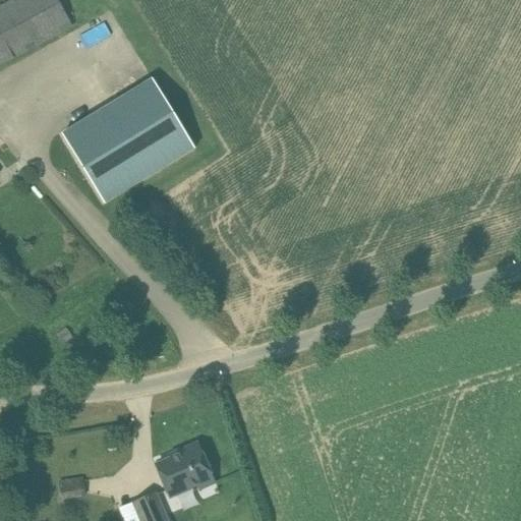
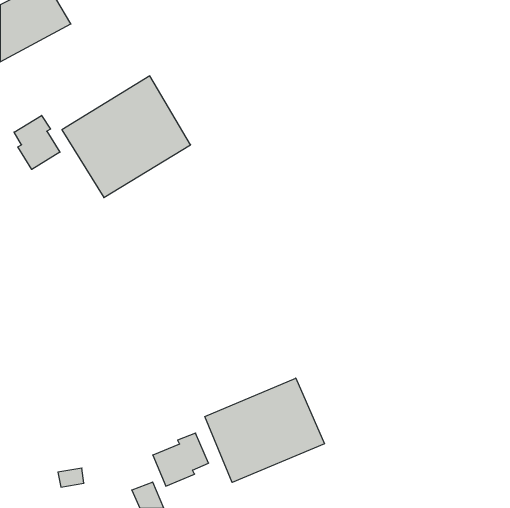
building: none -> [14,115,60,169]
building: none -> [205,378,324,482]

